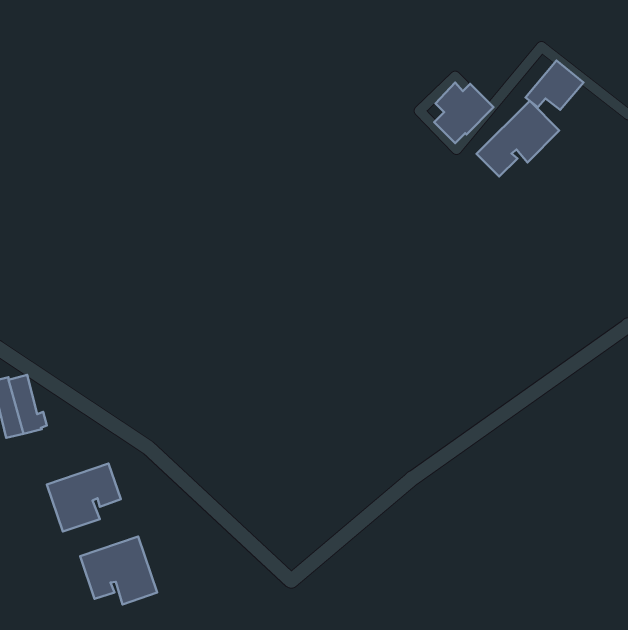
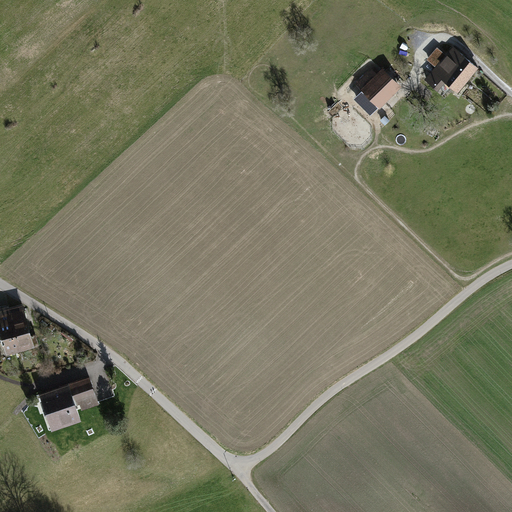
building: [477,101,559,177] -> none
building: [80,536,157,605] -> none

